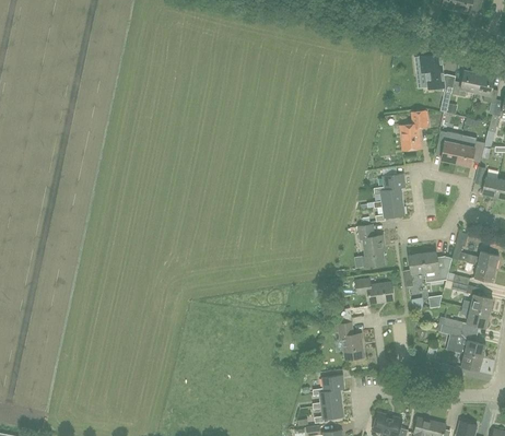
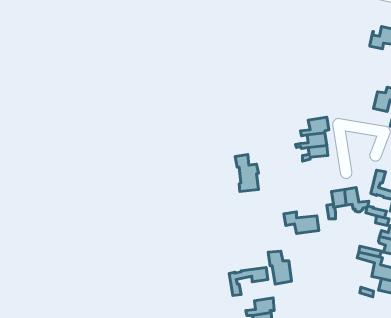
building: [421,54,455,91] -> none
building: [400,109,427,150] -> none
building: [437,131,460,162] -> none
building: [359,223,385,264] -> [235,154,259,192]
building: none -> [229,268,268,295]

